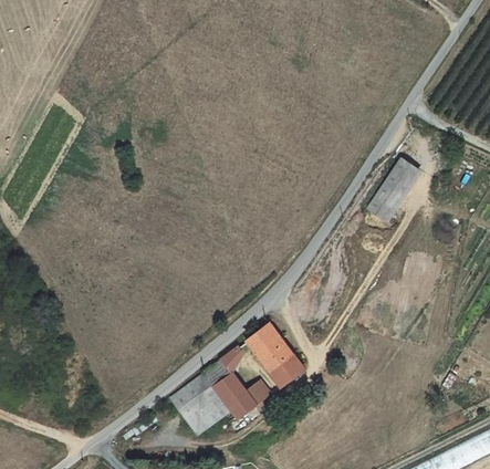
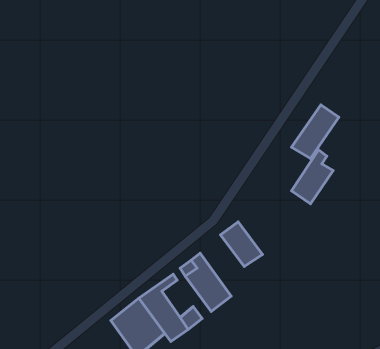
building: none -> [292,150,333,204]
building: none -> [221,222,263,266]

